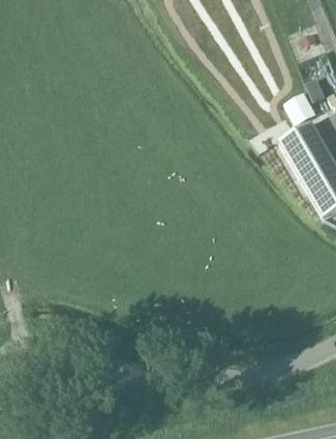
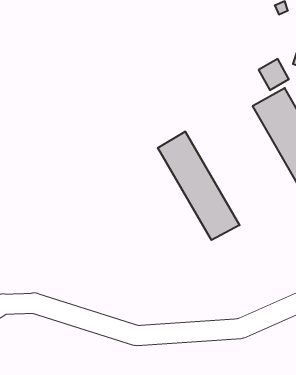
building: none -> [158,131,240,240]

